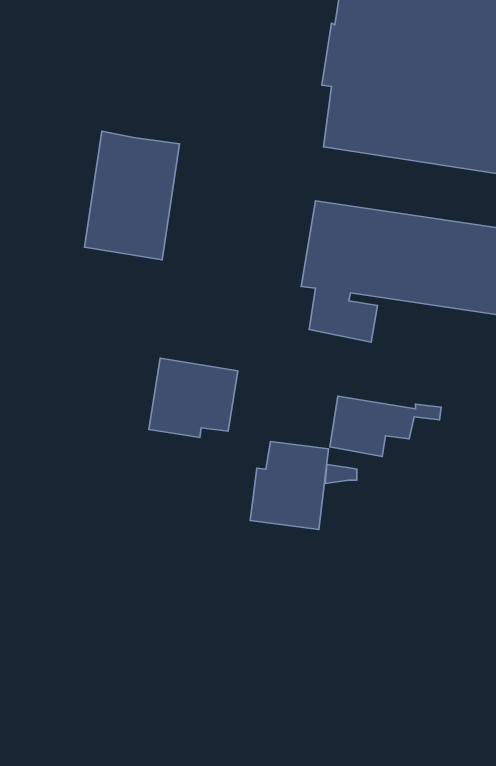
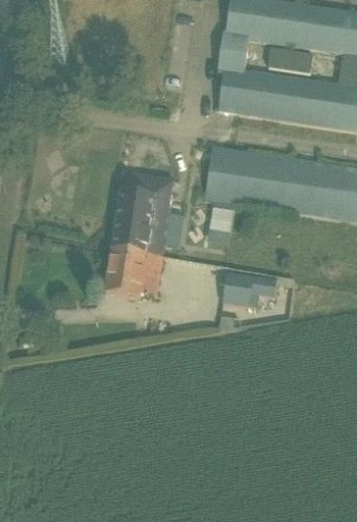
building: [84,131,180,260] -> [112,171,173,254]
building: [250,442,329,529] -> none

